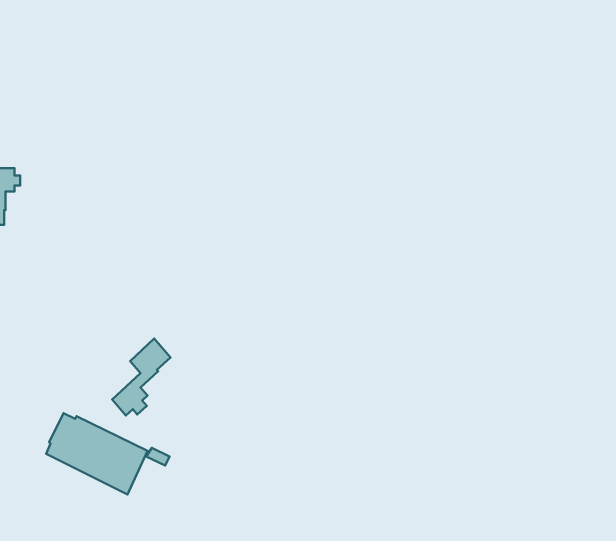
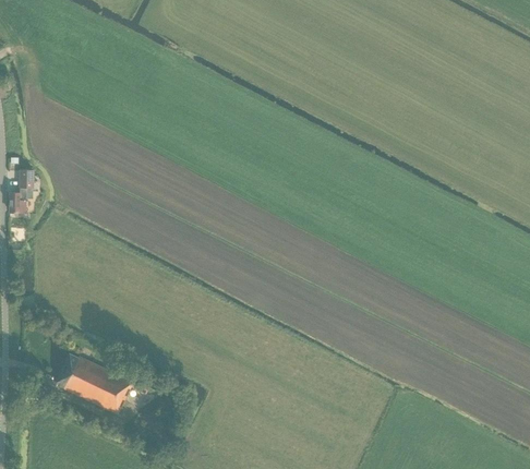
building: [112,339,170,415] -> none

